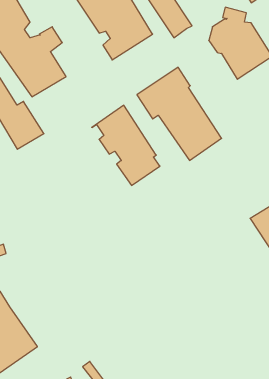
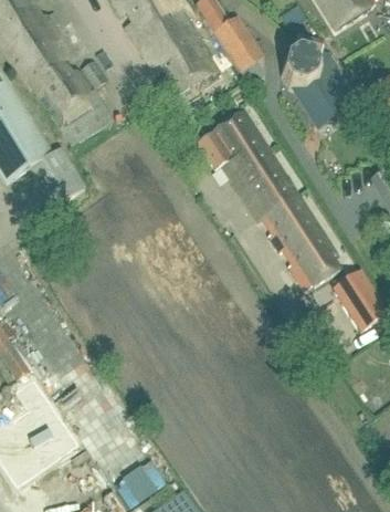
building: [92,105,160,185] -> [259,192,340,289]

